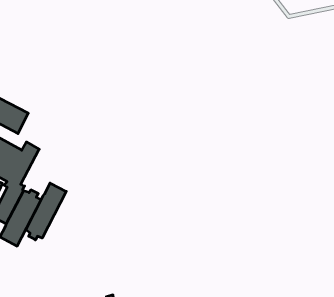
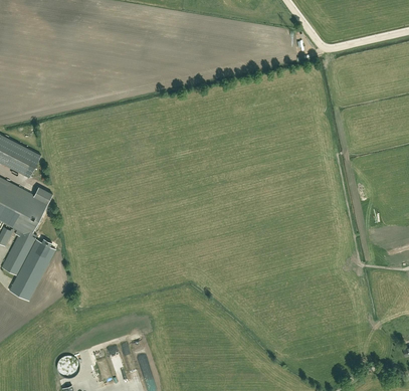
building: [26,183,66,240] -> none

